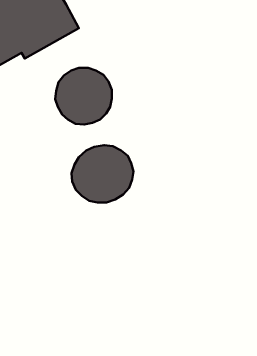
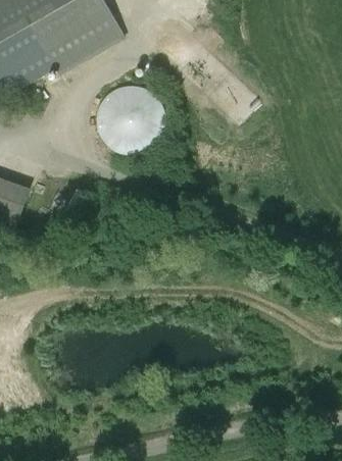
building: [72,145,133,203] -> none

